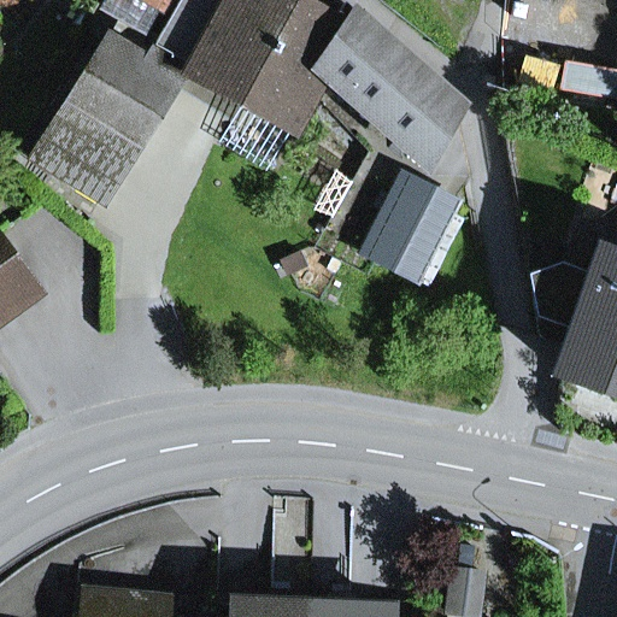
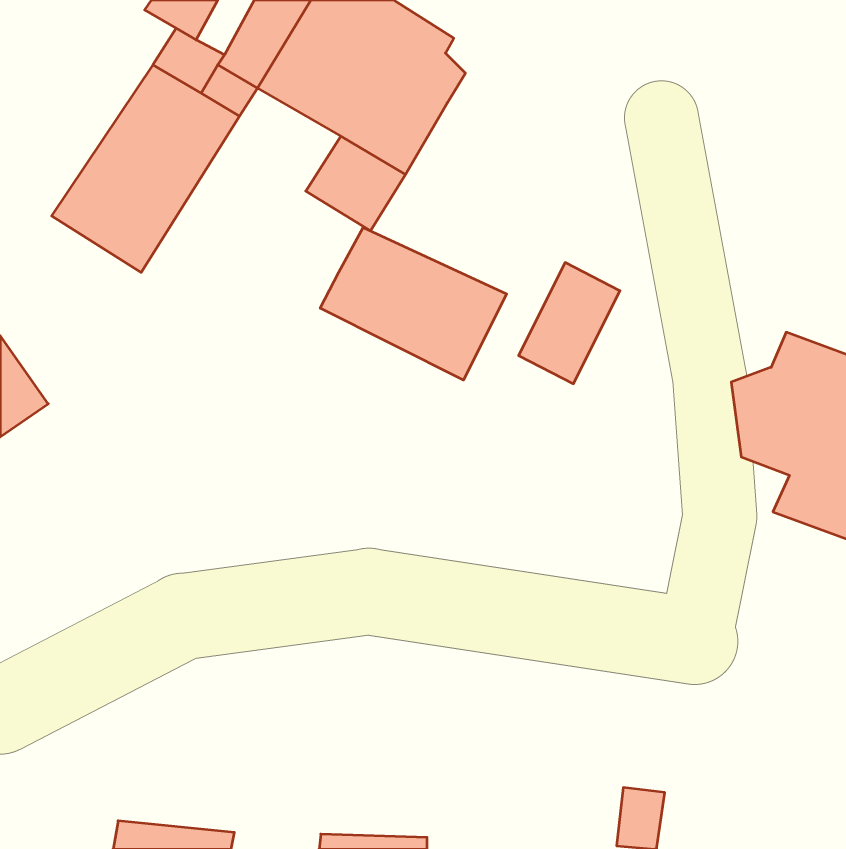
building: [325,5,462,165] -> none
building: none -> [320,227,507,380]

